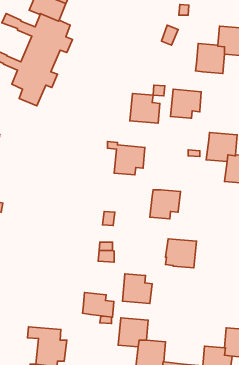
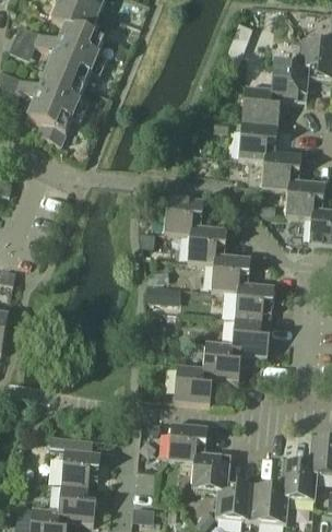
building: [130,93,160,123] -> [240,85,280,125]
building: none -> [261,150,301,188]
building: none -> [187,224,226,262]
building: none -> [234,282,274,321]
building: none -> [203,340,240,380]
building: [83,292,114,317] -> none

